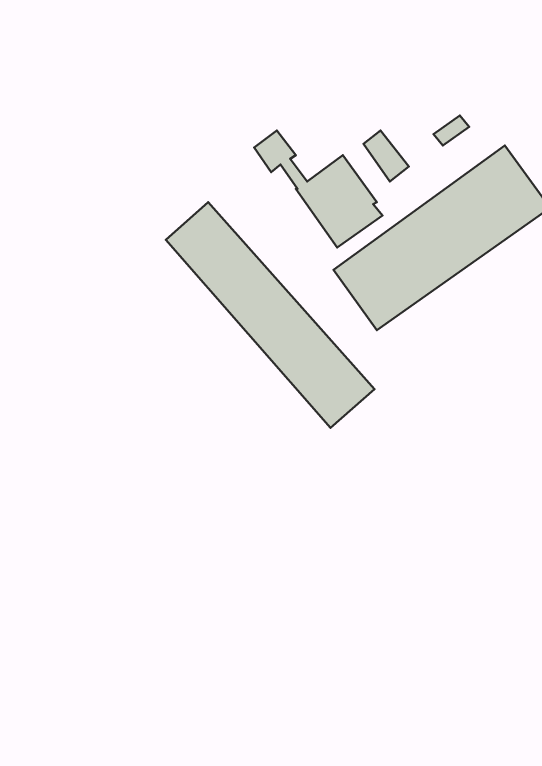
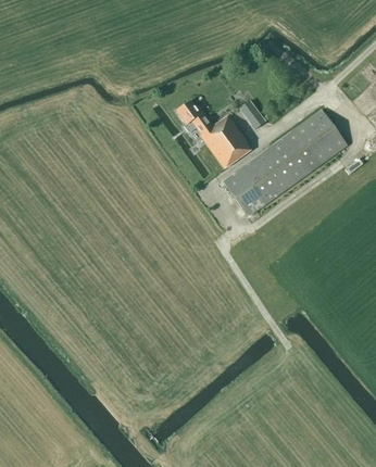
building: [166,202,375,428] -> none

